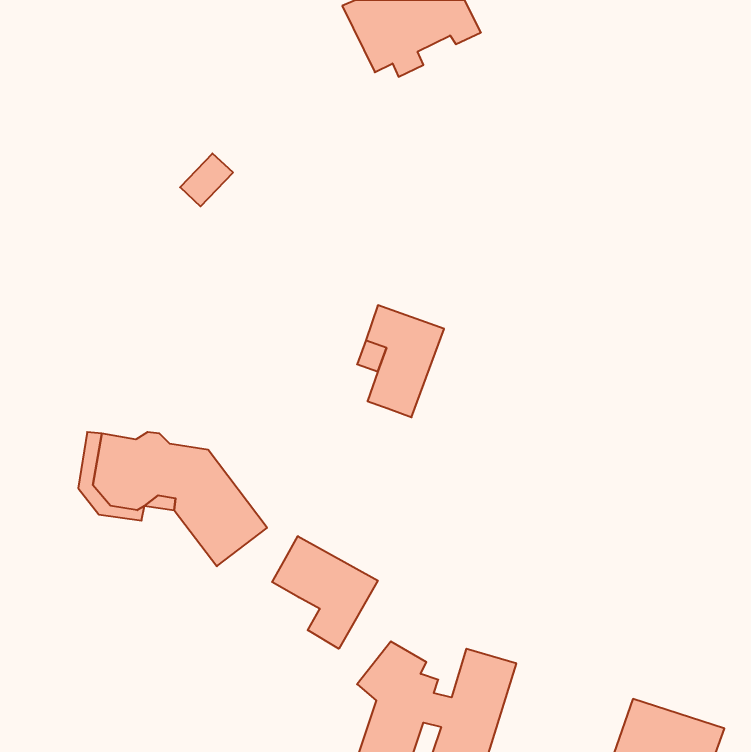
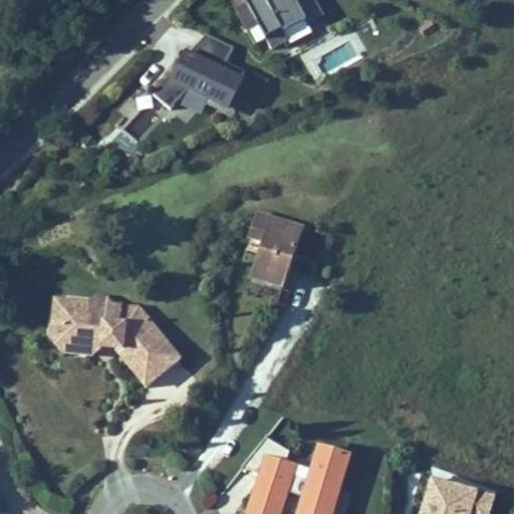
building: none -> [154,33,244,109]
building: [272,536,378,649] -> none

